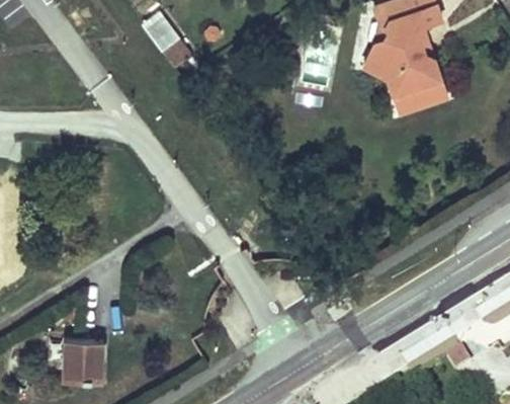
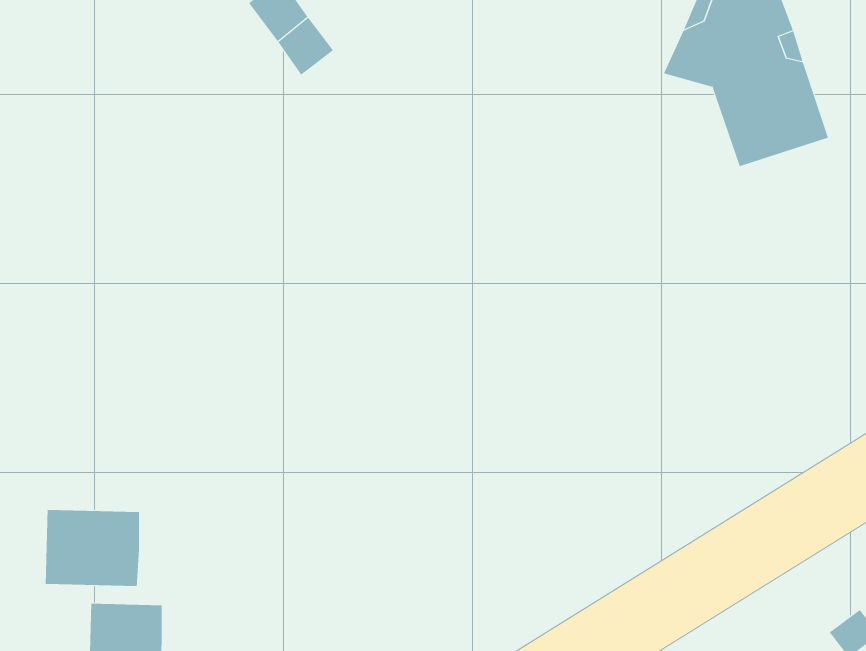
building: none -> [45,509,140,587]

